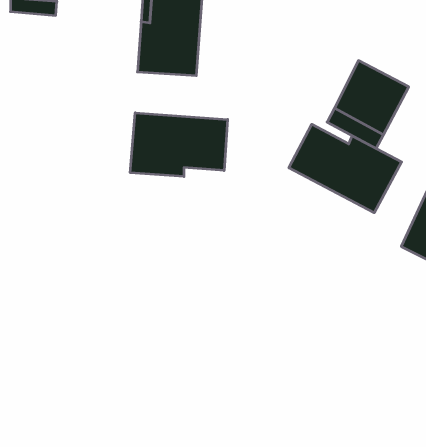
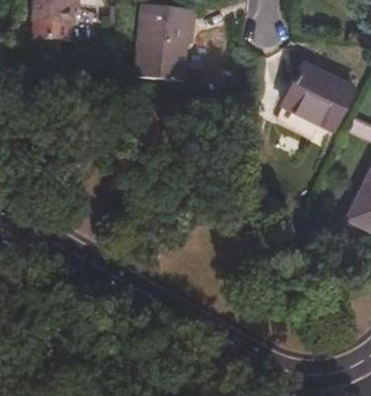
building: [130,113,228,177] -> none
building: [289,124,402,213] -> none

